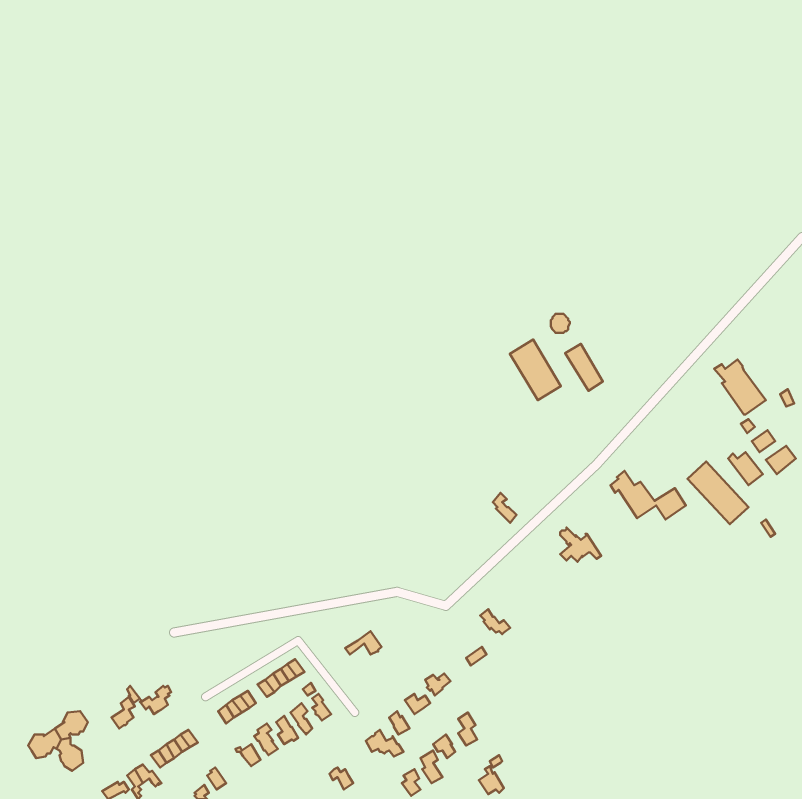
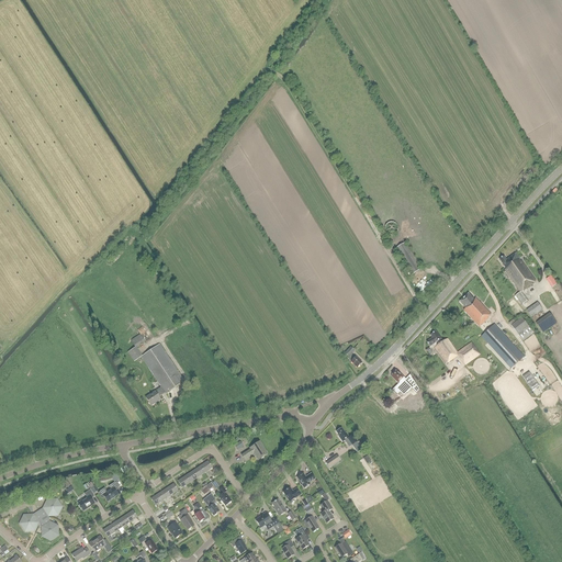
building: [510,340,561,400] -> none
building: none -> [460,292,492,325]
building: none -> [127,333,184,405]

